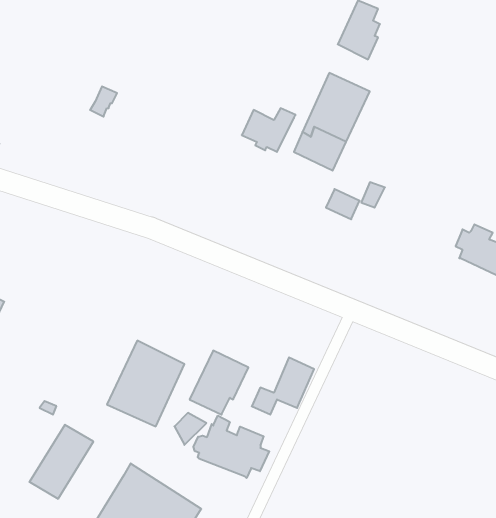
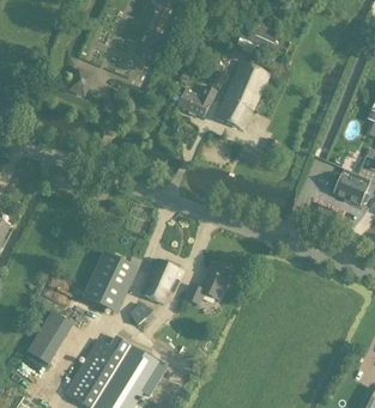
building: [193,416,269,478] -> none

